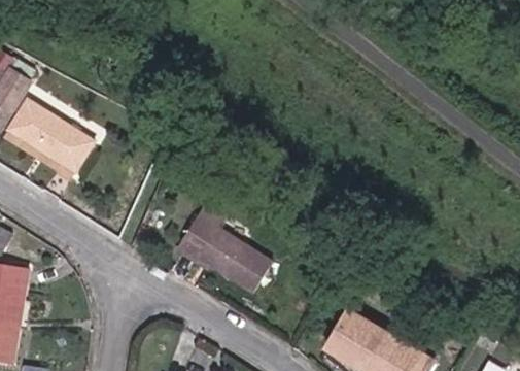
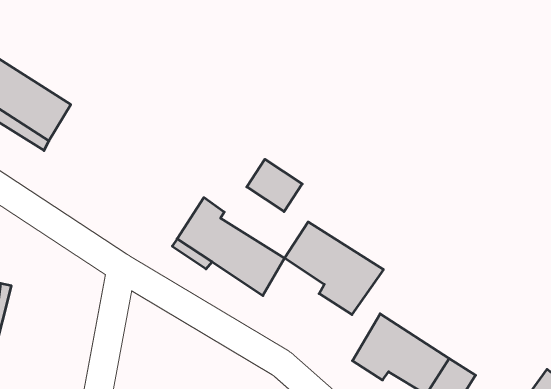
building: none -> [247,159,302,212]
building: none -> [285,222,383,315]

